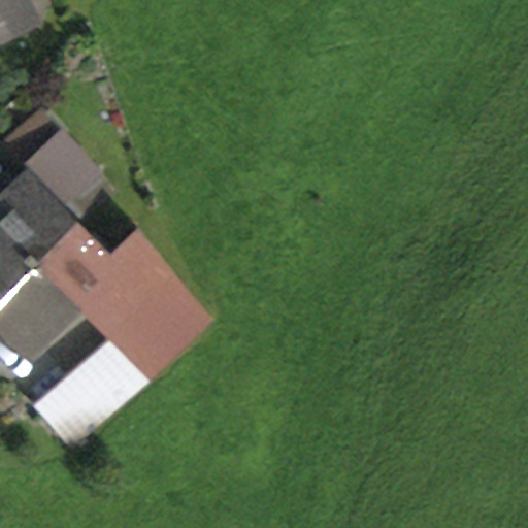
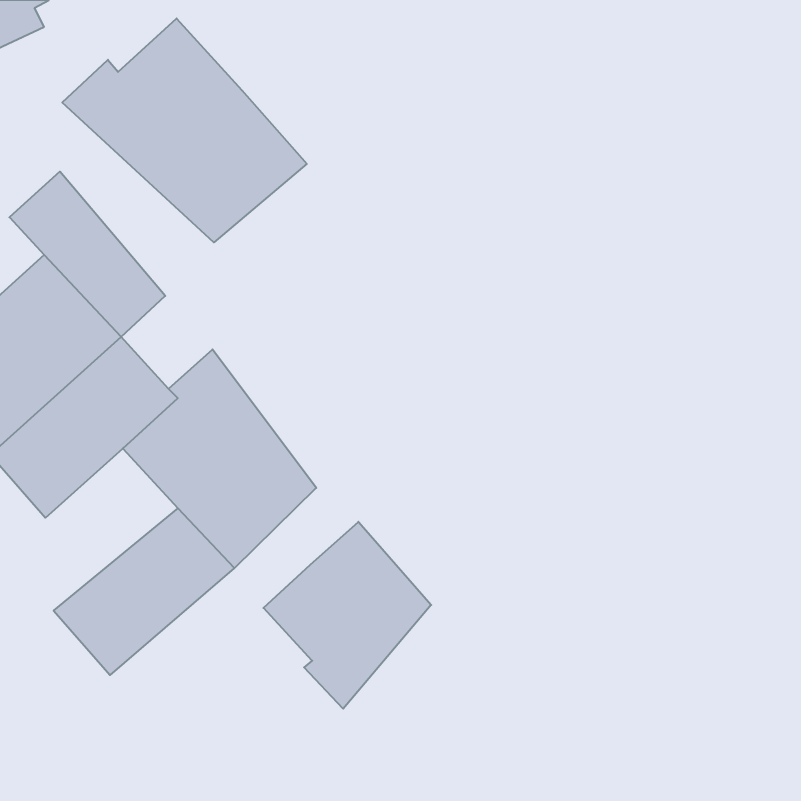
building: none -> [62,18,307,242]
building: none -> [263,522,431,709]

